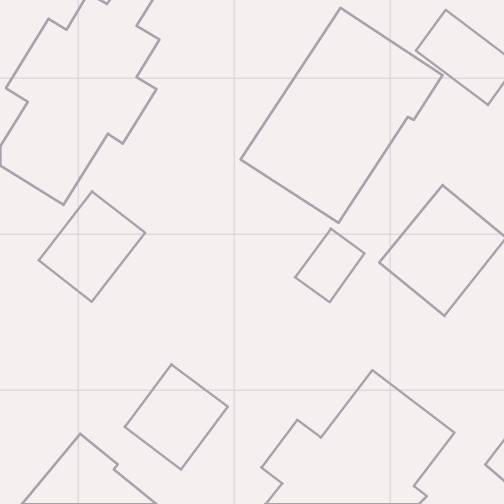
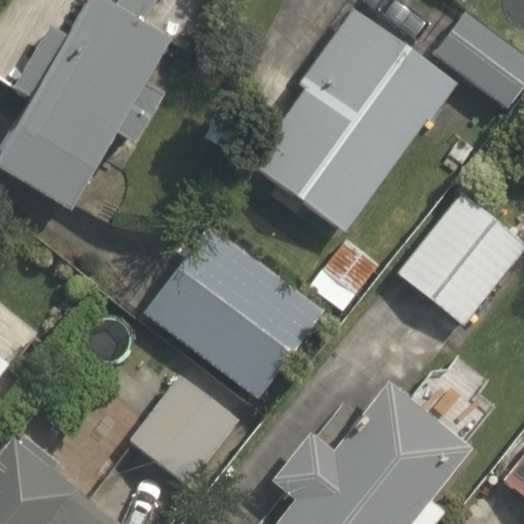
building: [39,191,145,302] -> none
building: none -> [141,224,325,402]

